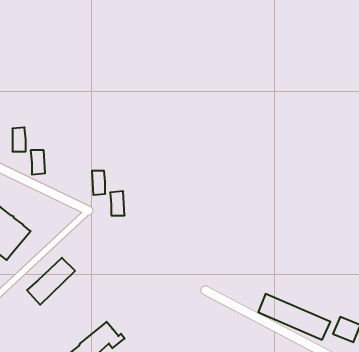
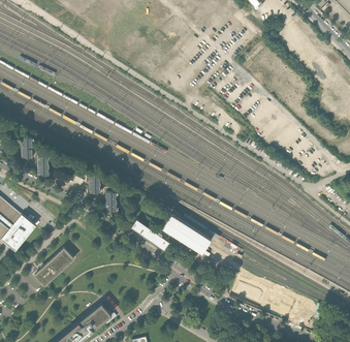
building: none -> [130,213,211,253]

